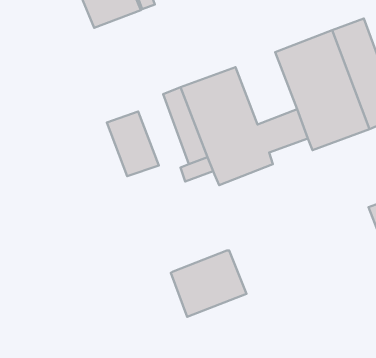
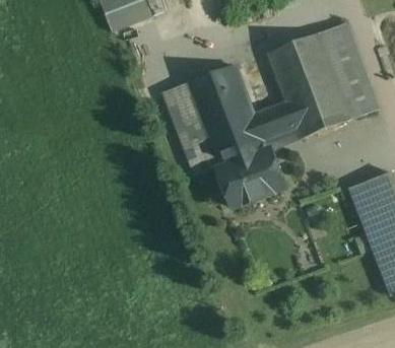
building: [107,112,159,176] -> none
building: [171,251,247,317] -> [217,149,283,207]

